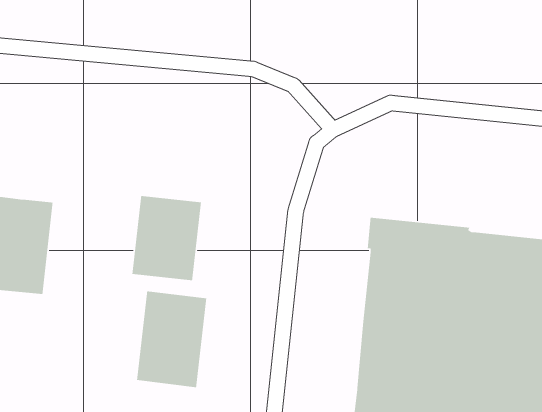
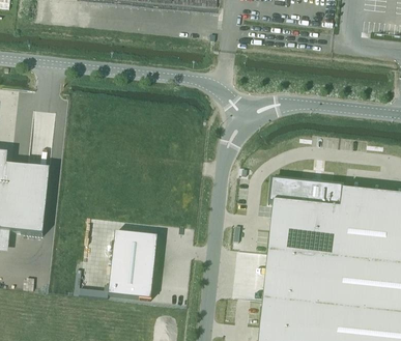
building: [132,195,202,281] -> none

